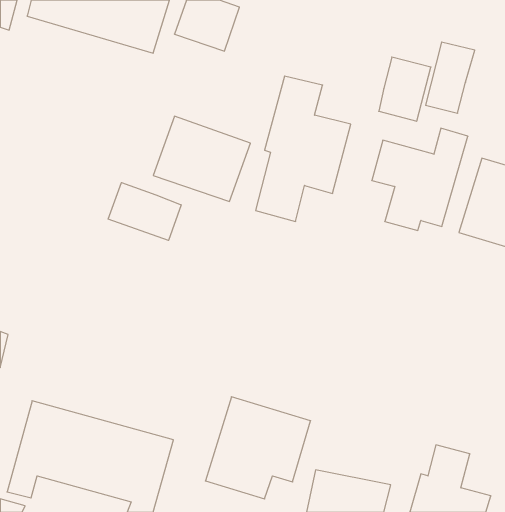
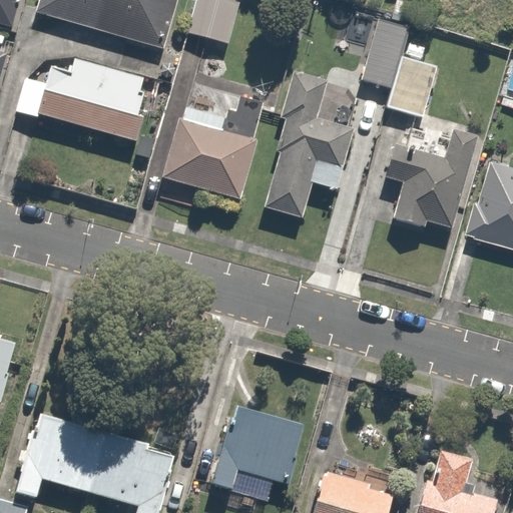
building: [426,42,475,113] -> [359,17,408,88]
building: none -> [15,52,157,146]
building: [108,183,181,240] -> none

